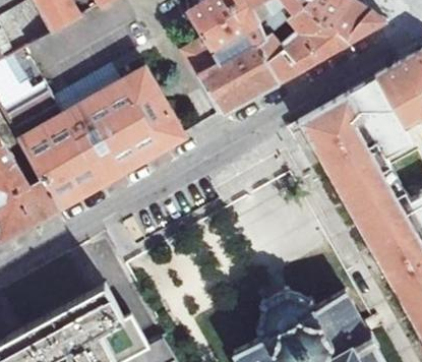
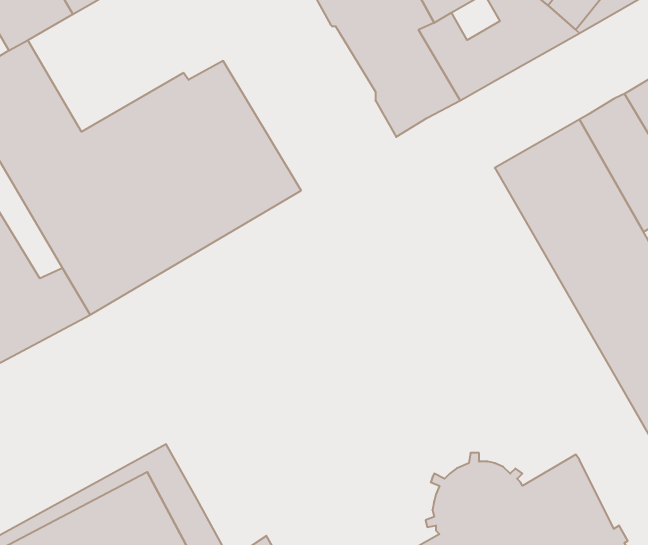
building: [182,37,240,114] -> none

